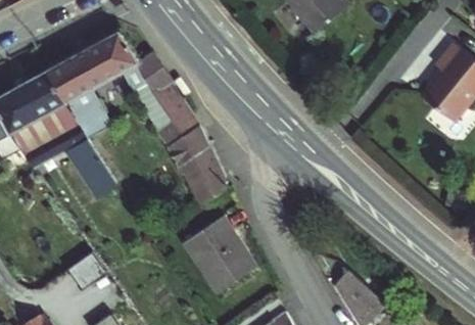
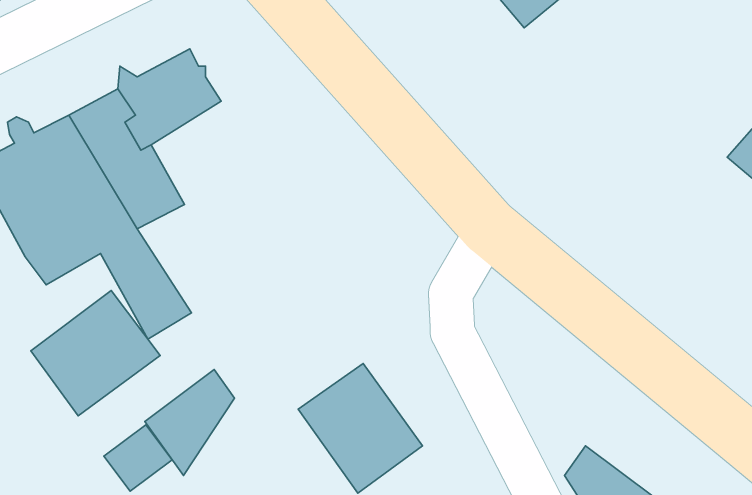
building: [134,58,222,206] -> none
building: none -> [31,291,160,416]
building: none -> [145,369,235,476]

